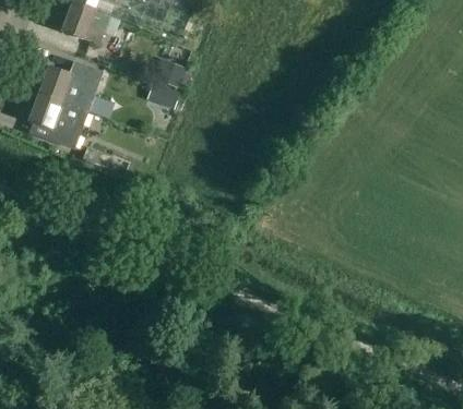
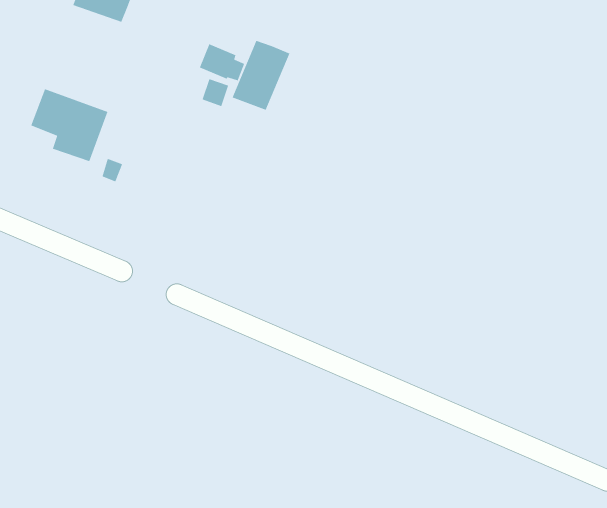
building: none -> [232,40,291,111]
building: [38,62,100,110] -> none

